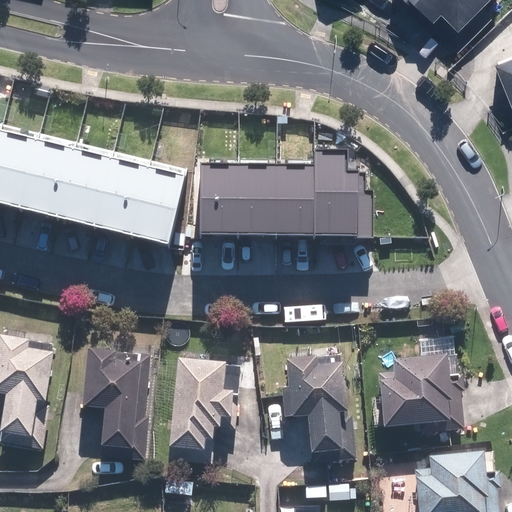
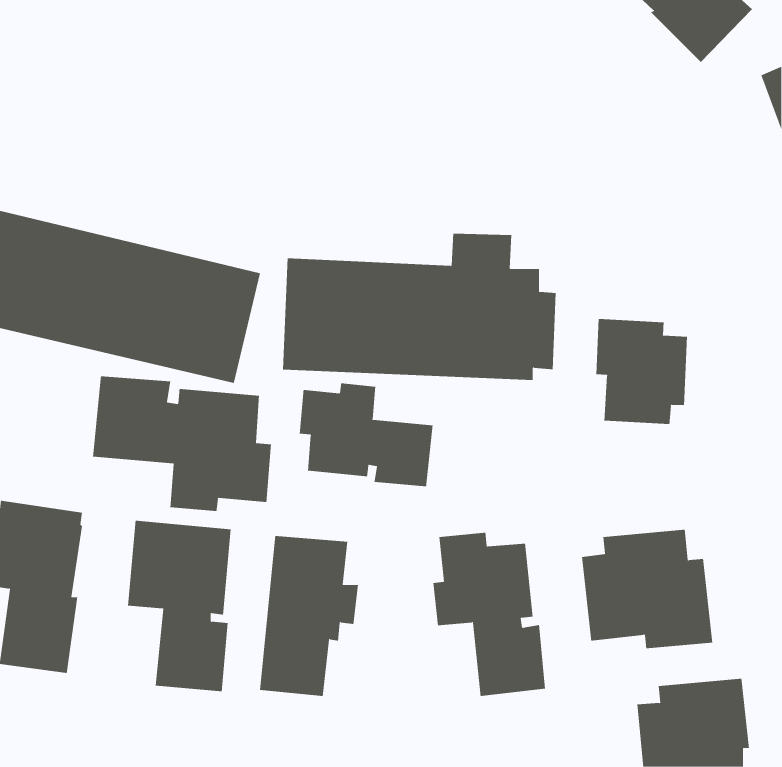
building: none -> [596,318,687,425]
building: none -> [93,376,272,512]
building: none -> [299,383,433,487]

